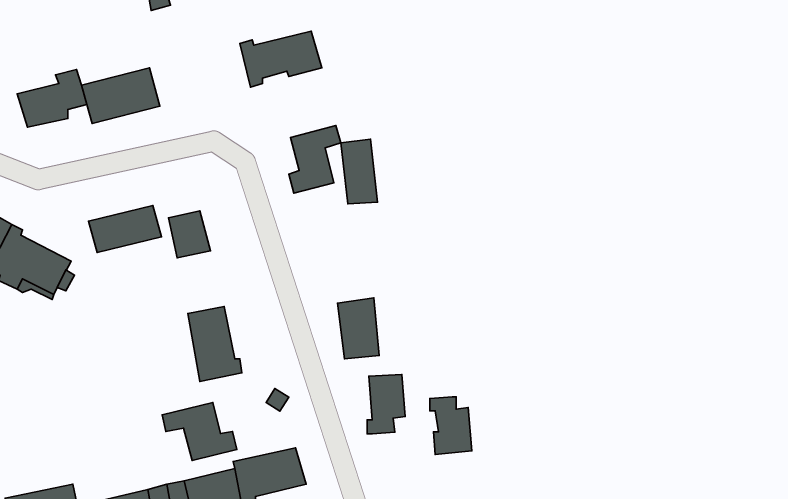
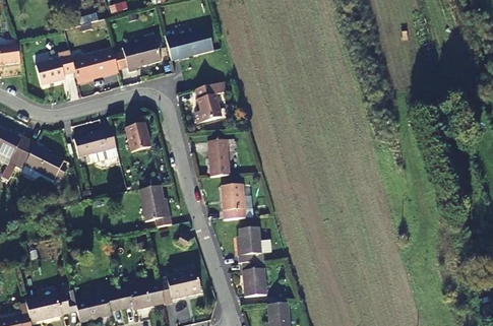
building: none -> [119,40,159,72]
building: [341,139,377,204] -> [206,139,228,177]
building: [430,397,472,454] -> [241,262,265,296]
building: [162,403,237,461] -> none

